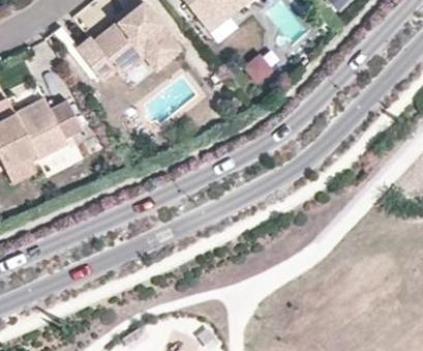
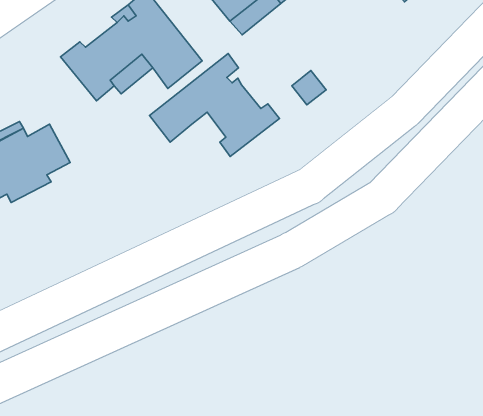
building: none -> [150,53,280,157]

